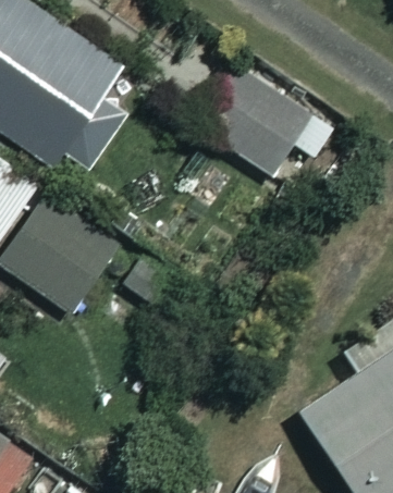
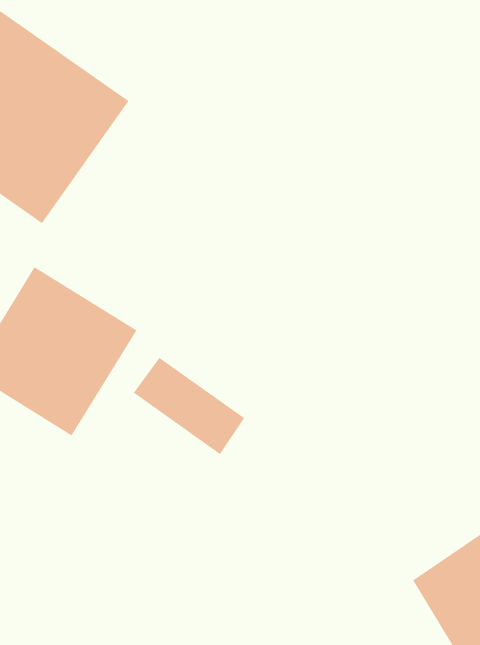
building: [198,64,316,176] -> none

